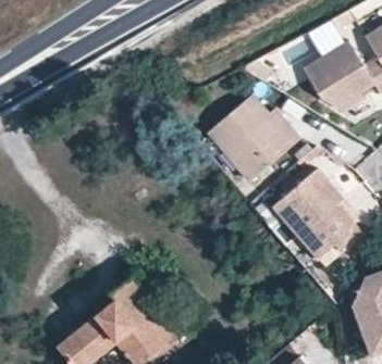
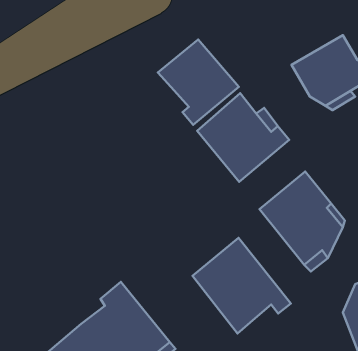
building: none -> [158,40,239,125]
building: none -> [192,238,291,334]

